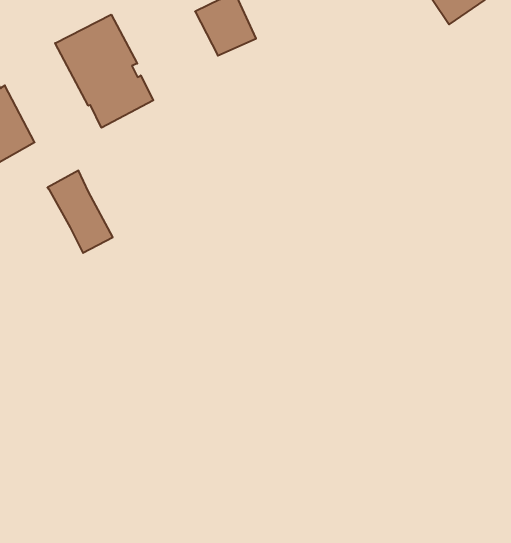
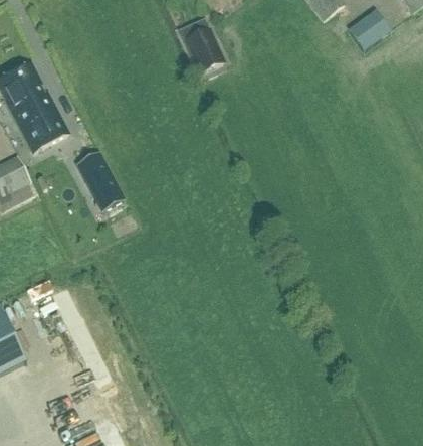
building: [55,15,153,128] -> none

